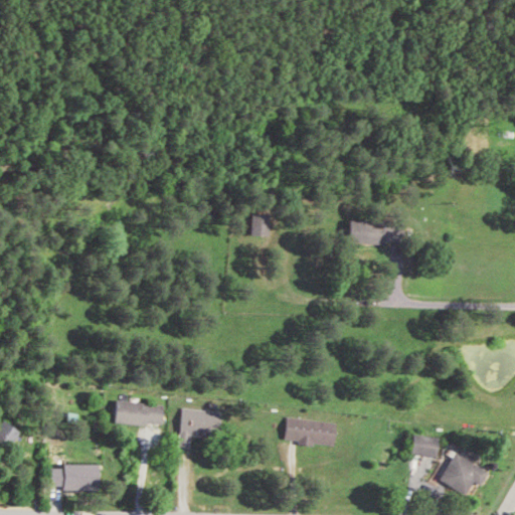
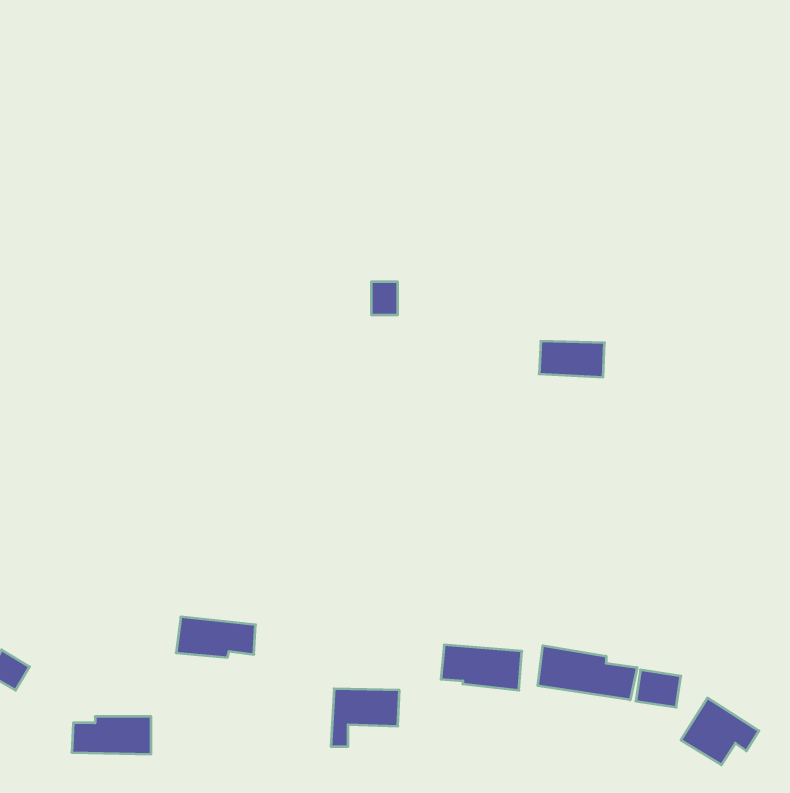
building: [252,215,270,236] -> [371,282,398,315]
building: [180,410,224,448] -> [331,689,399,746]
building: none -> [538,646,637,700]

